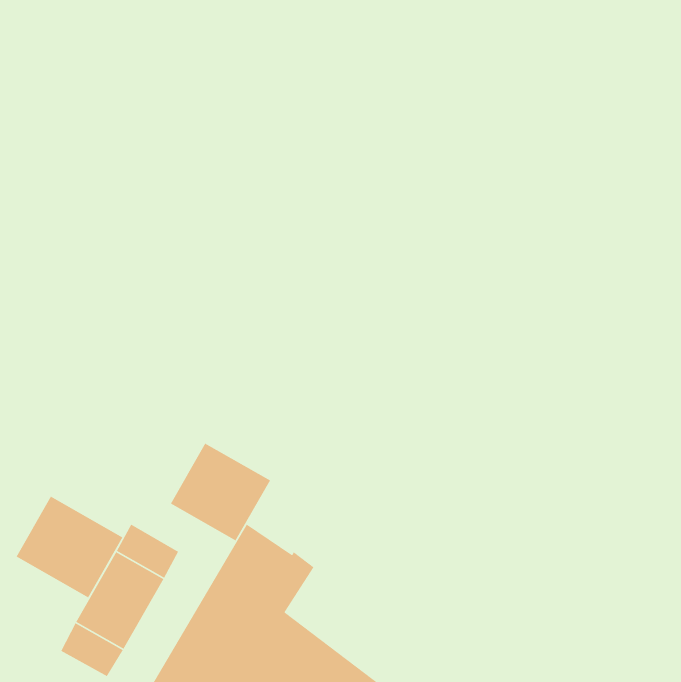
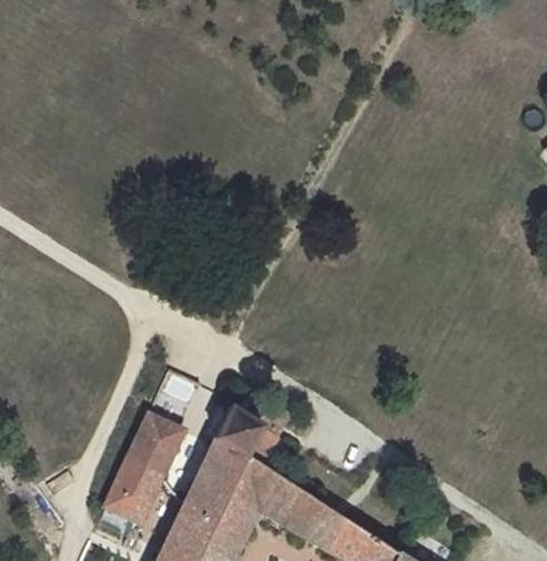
building: [170,442,271,542] -> none
building: [15,495,123,598] -> none

